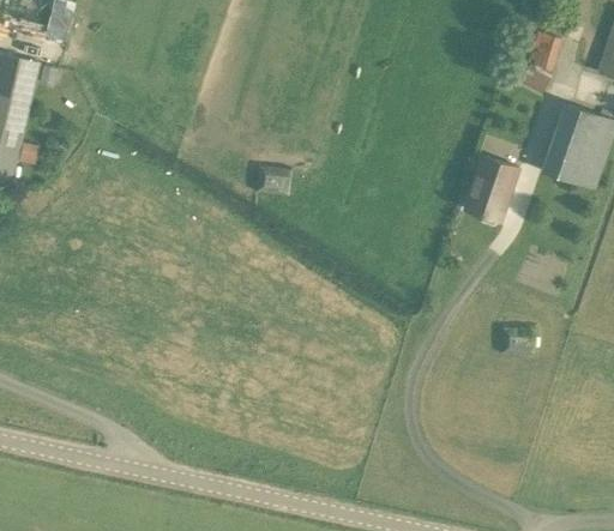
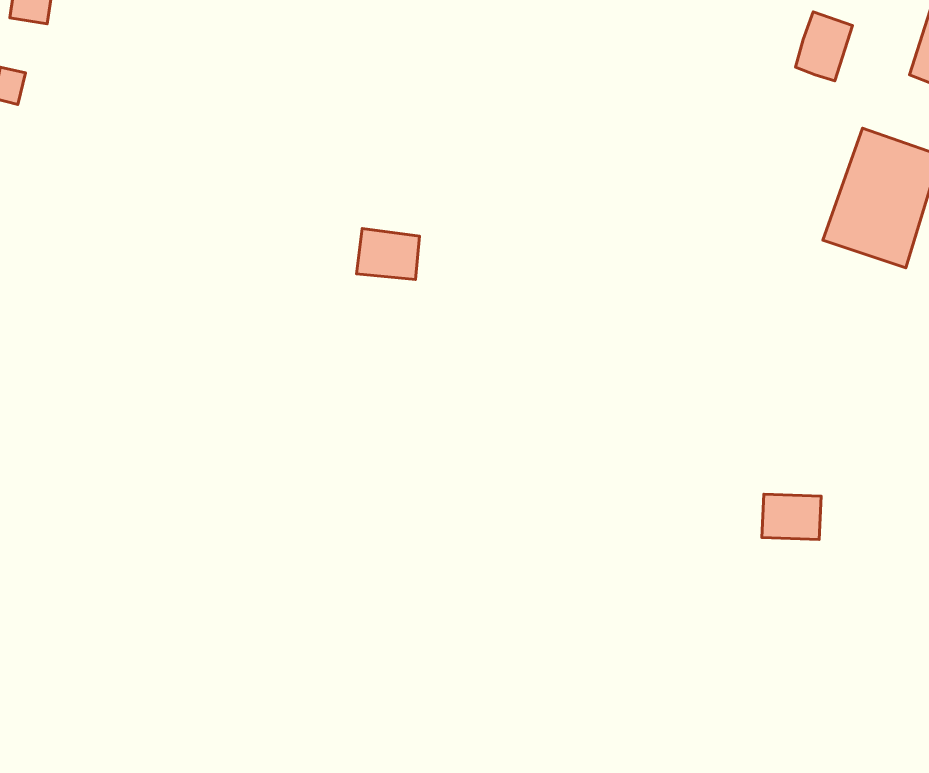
building: [463,156,516,223] -> none

